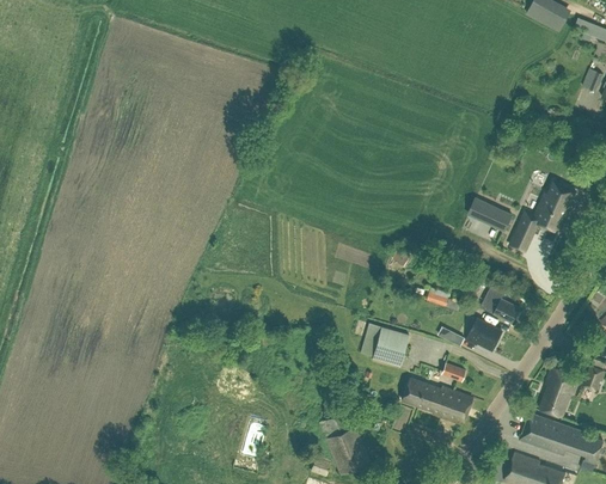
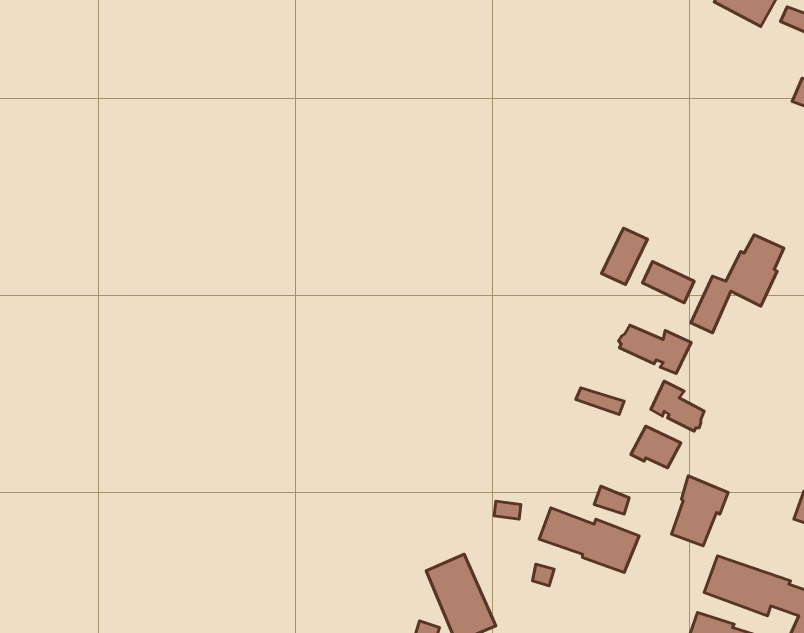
building: none -> [602,228,647,284]
building: none -> [618,325,691,374]
building: [359,321,409,367] -> none
building: [539,367,580,417] -> [672,476,728,546]

